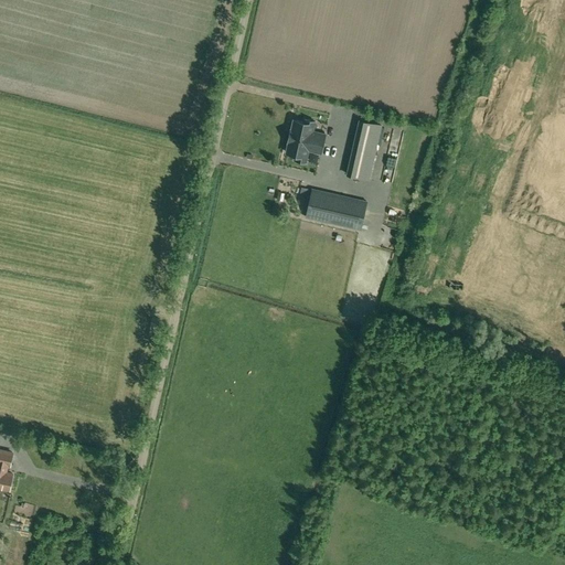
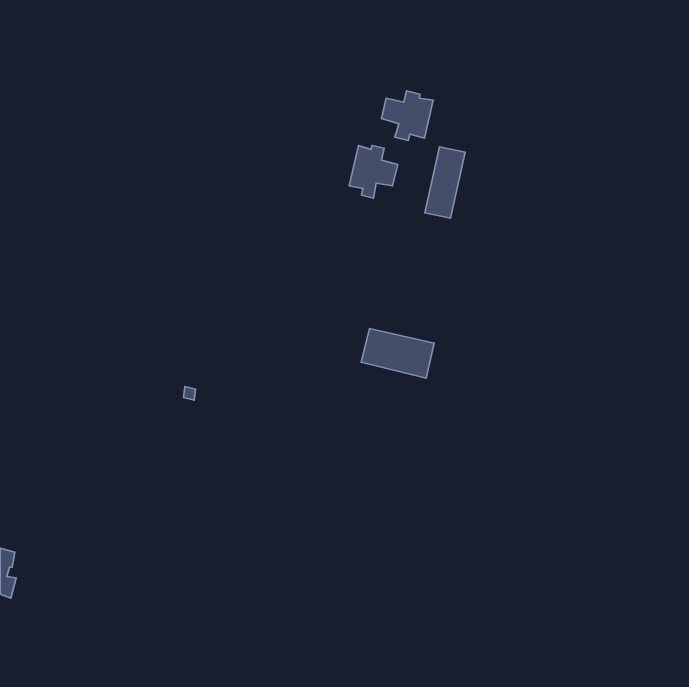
building: none -> [382,91,433,140]
building: [307,190,366,231] -> [361,328,434,378]

